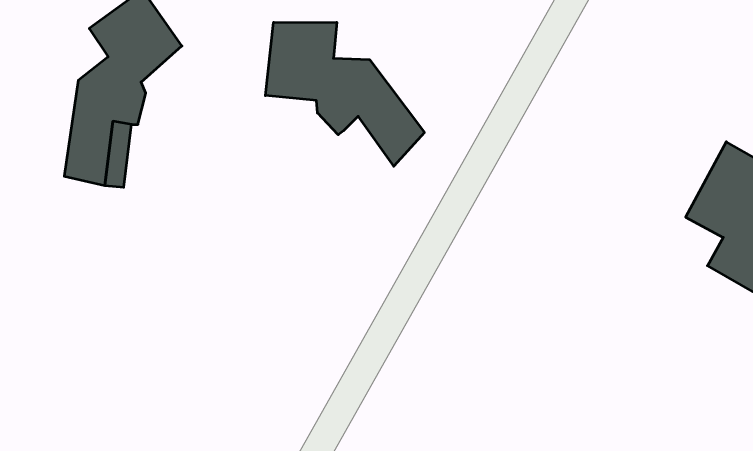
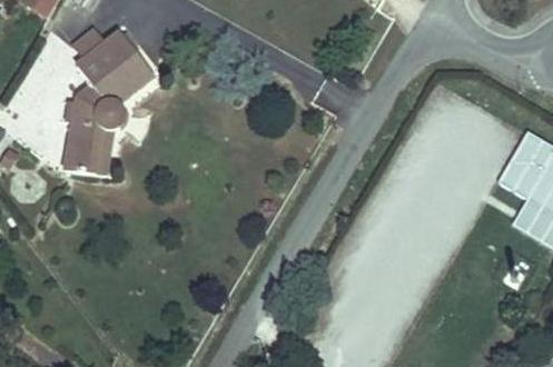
building: [265,22,424,166] -> none

